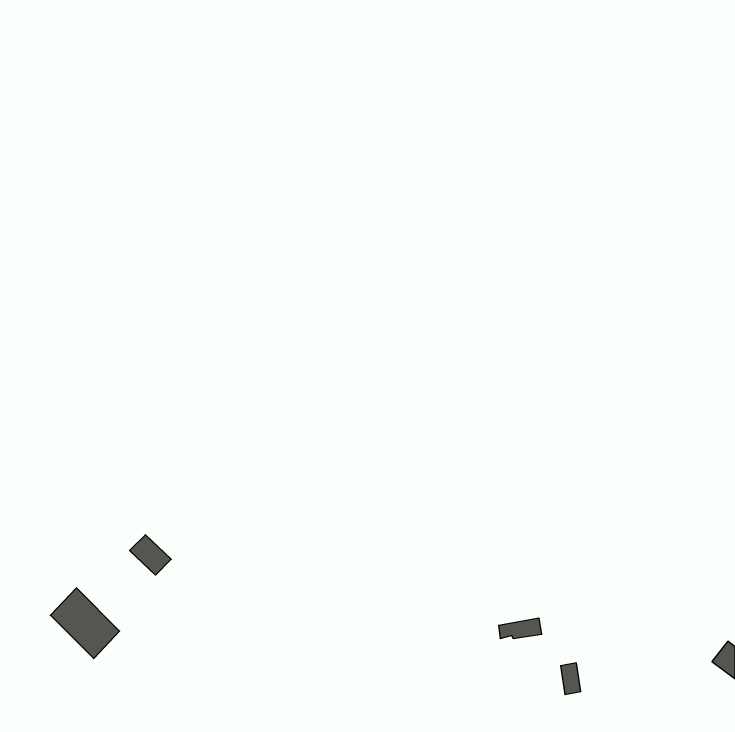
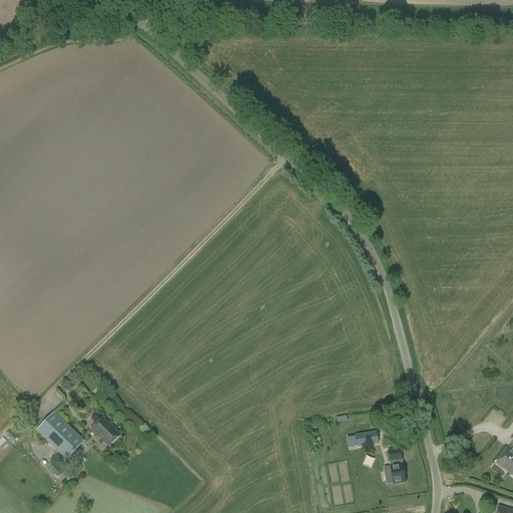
building: [130,535,171,575] -> [90,416,119,444]

